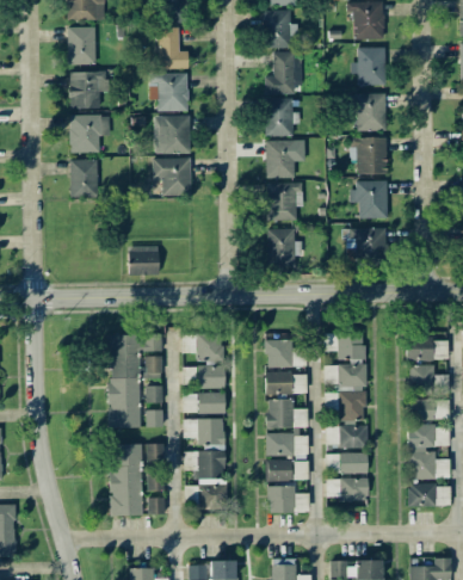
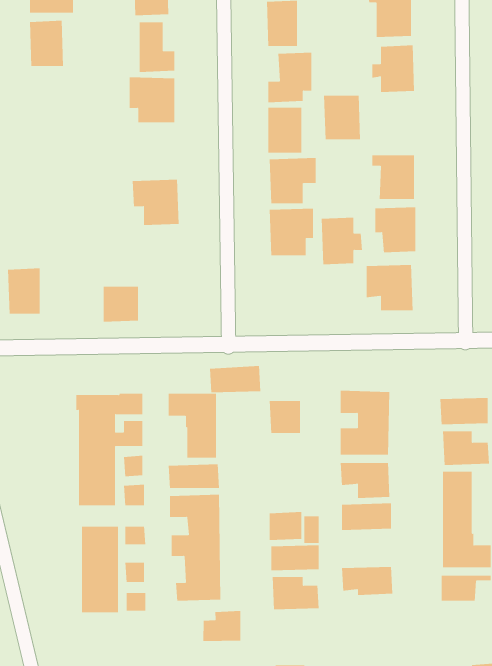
building: [69,72,109,109] -> none
building: [356,93,387,130] -> [323,95,361,140]
building: [70,115,111,153] -> none
building: [155,116,191,154] -> none
building: [70,159,98,197] -> [7,268,41,314]
building: [267,228,302,267] -> [321,217,363,265]
building: [265,371,308,394] -> [209,366,261,393]
building: [267,399,308,428] -> none
building: [326,452,368,474] -> none
building: none -> [203,610,241,642]

